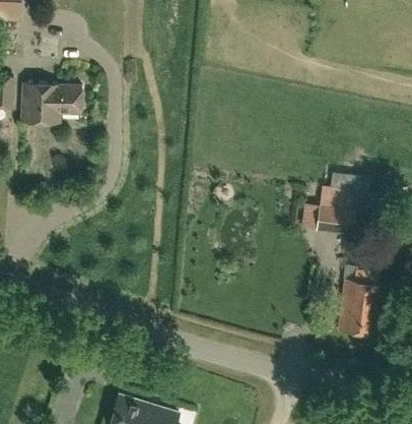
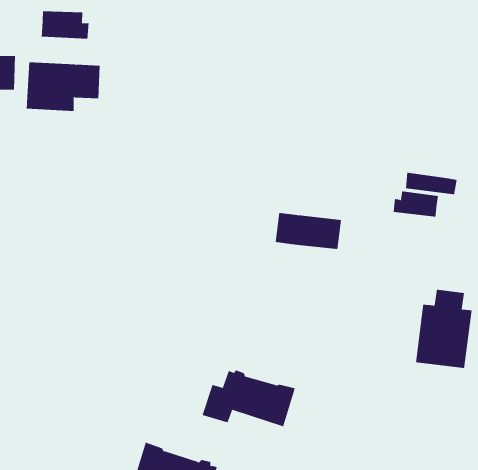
building: none -> [41,10,89,39]
building: [301,202,356,233] -> [275,212,342,250]
building: none -> [202,370,296,427]

